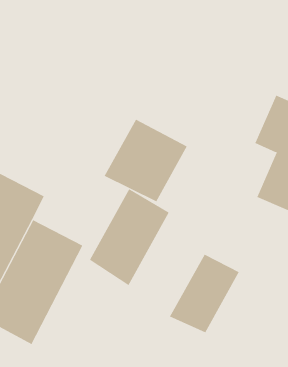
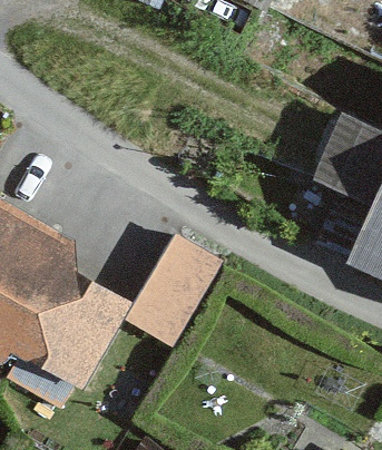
building: [104,119,188,202] -> none
building: [169,254,240,333] -> none

